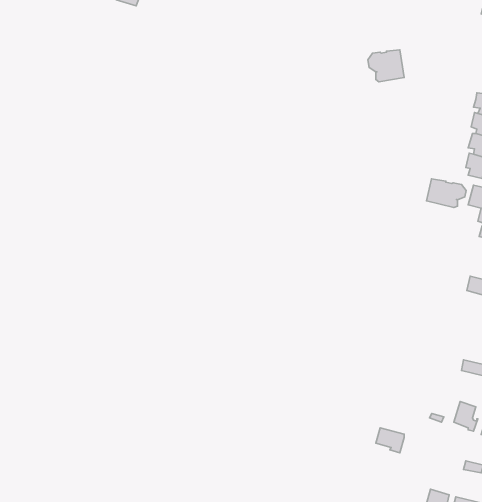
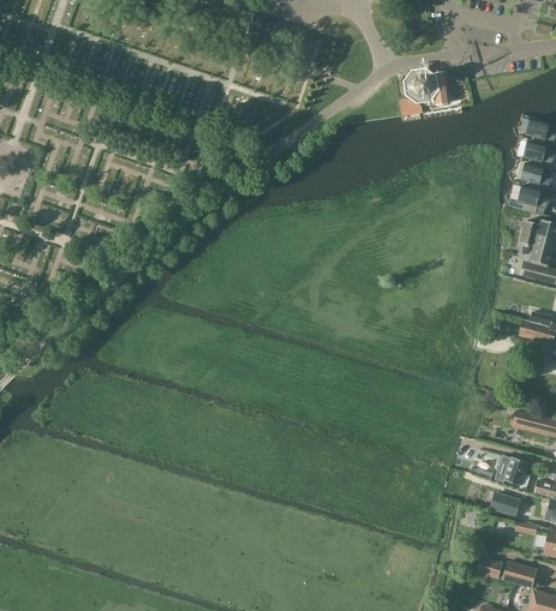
building: [426,179,466,207] -> none
building: [376,428,404,453] -> [489,491,520,519]

